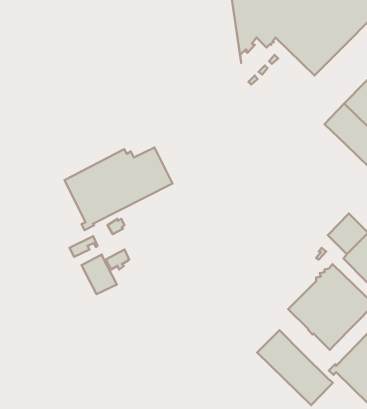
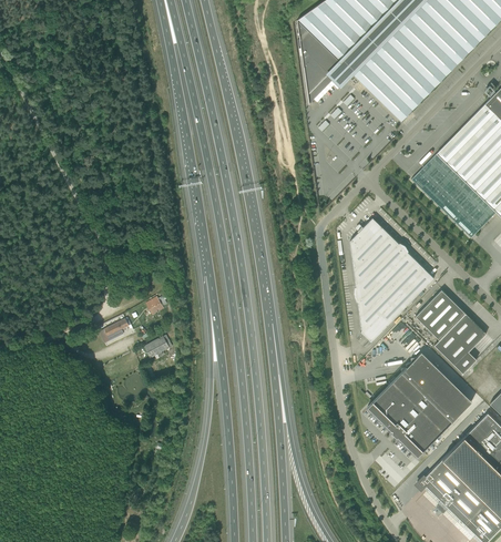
building: [65,147,172,230] -> none
building: none -> [350,217,433,341]
building: [81,255,117,294] -> none
building: [257,330,332,405] -> none

